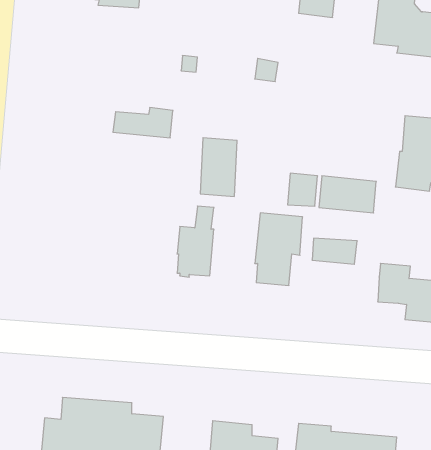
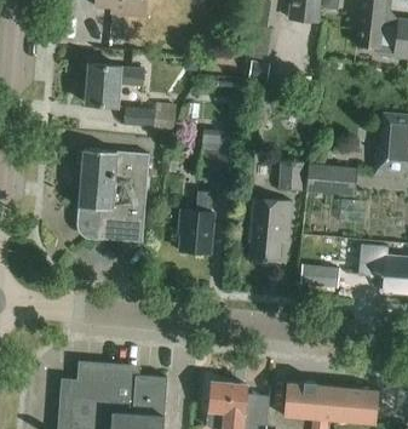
building: none -> [86,63,144,105]
building: none -> [79,148,149,241]
building: [312,238,357,264] -> [299,264,339,287]

